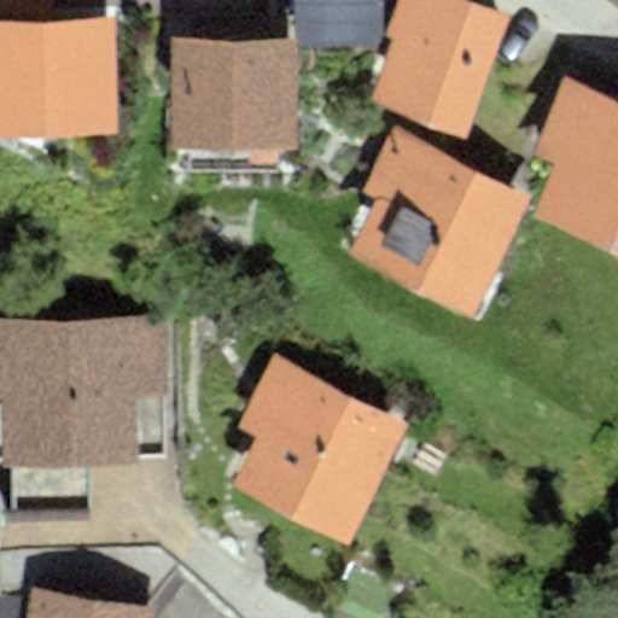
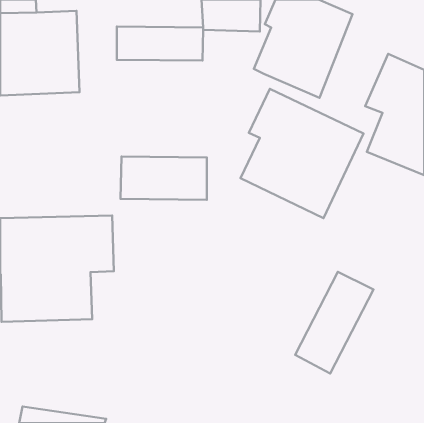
building: [169,87,295,150] -> [121,157,207,200]
building: [231,352,409,546] -> none
building: none -> [295,272,373,373]

